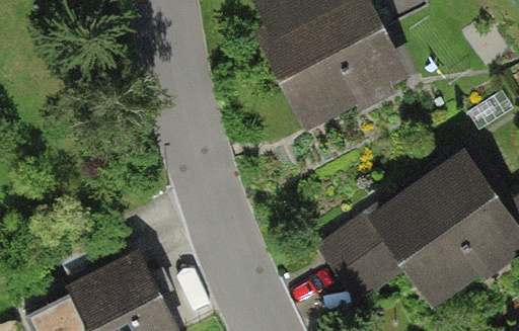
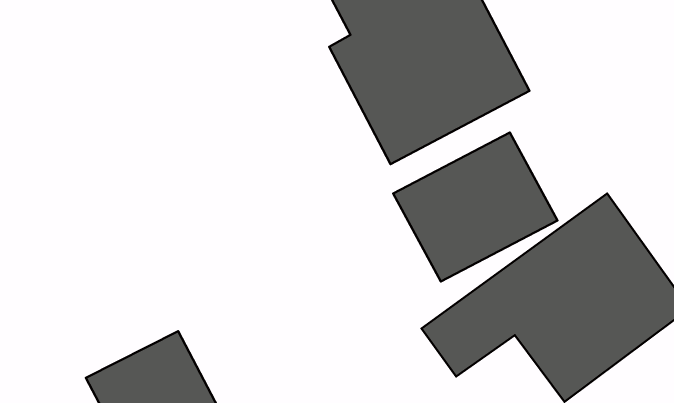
building: none -> [393,133,558,282]

